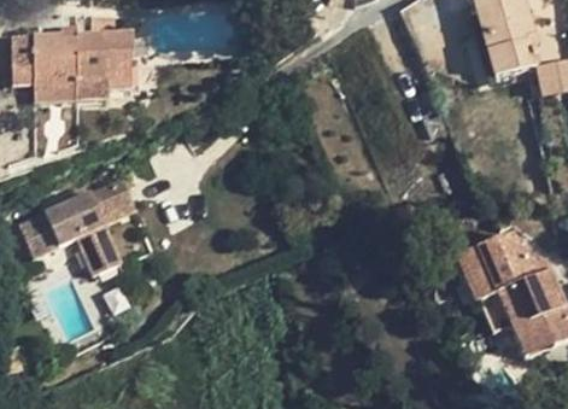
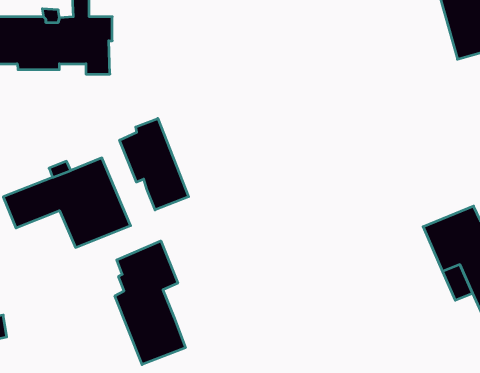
building: none -> [120,118,189,210]
building: none -> [115,241,185,365]

